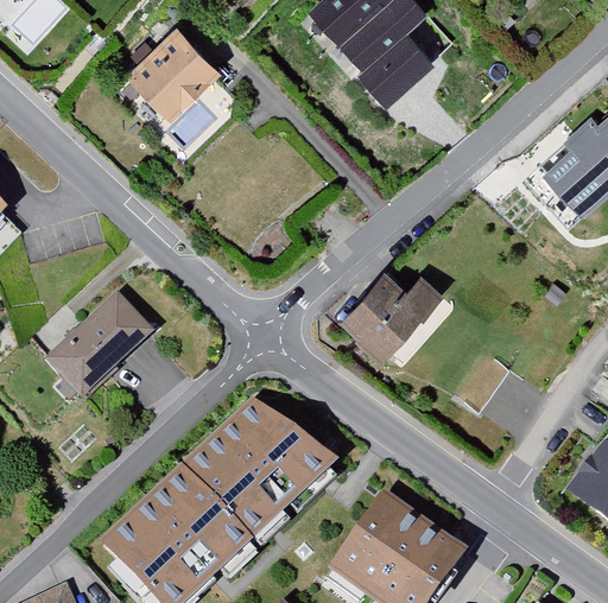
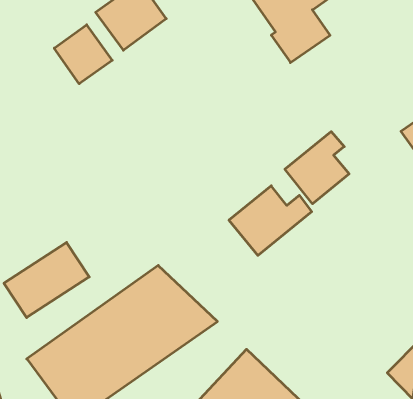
building: none -> [54,25,112,84]
building: none -> [285,132,349,204]
building: [46,292,156,396] -> [4,242,89,318]

